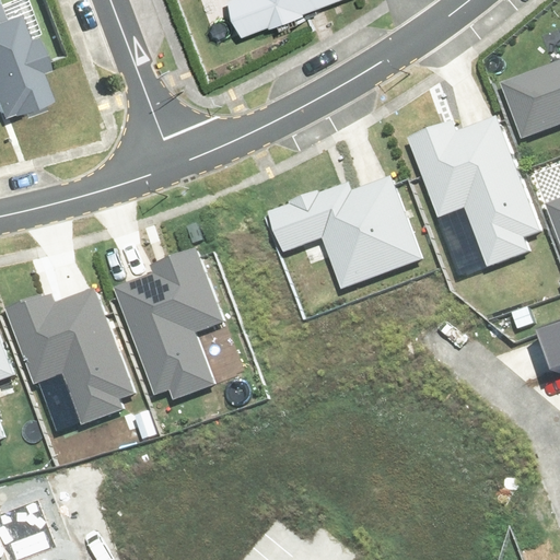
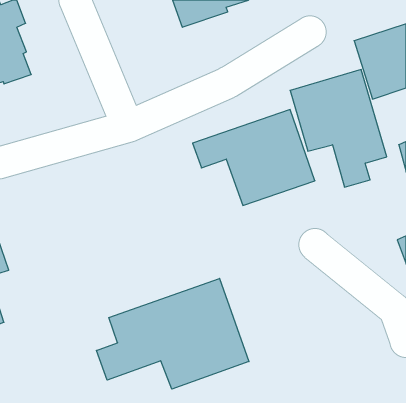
building: [119,255,223,405] -> none
building: [14,291,138,427] -> none
building: none -> [96,278,249,389]

